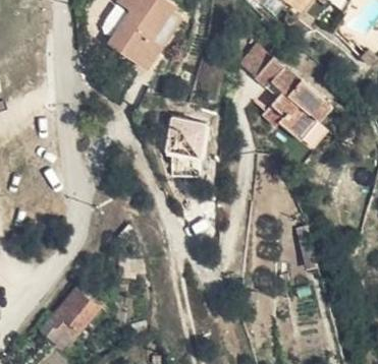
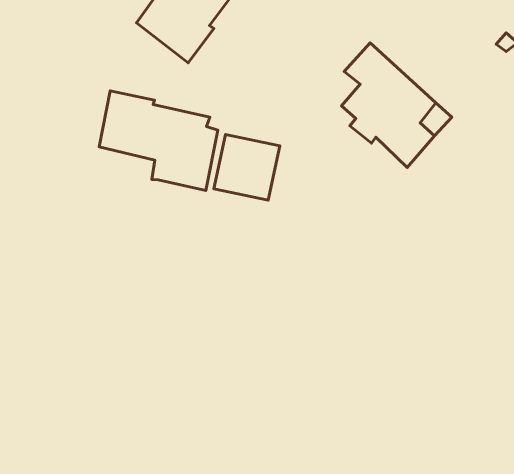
building: none -> [99,91,218,191]
building: [51,286,102,339] -> none

